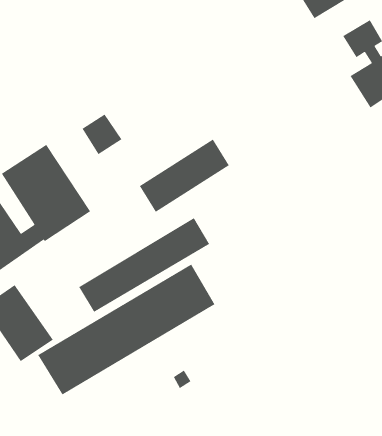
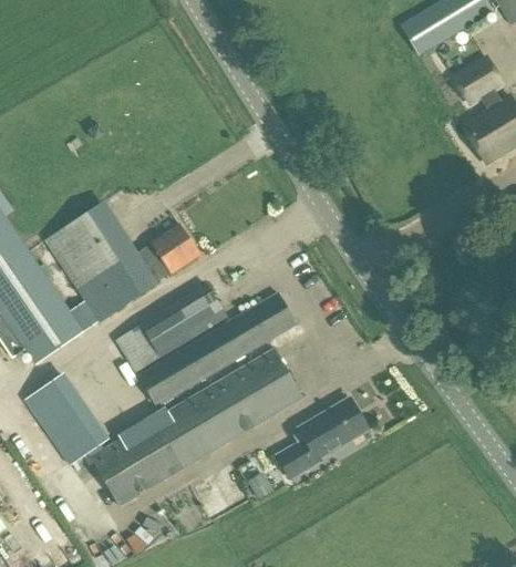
building: [81,113,122,155] -> [152,225,200,275]
building: [139,139,230,213] -> [116,284,225,372]
building: none -> [278,396,370,477]

